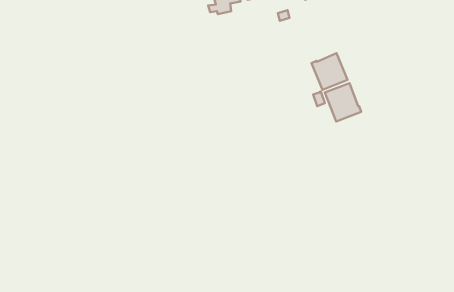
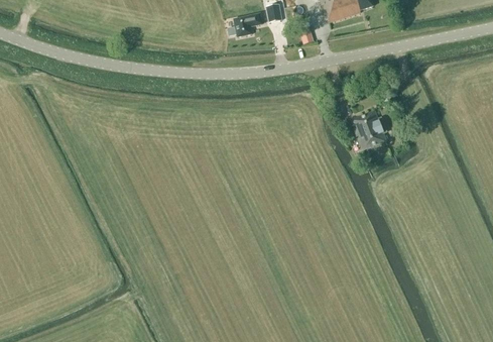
building: [312,53,348,90] -> none

